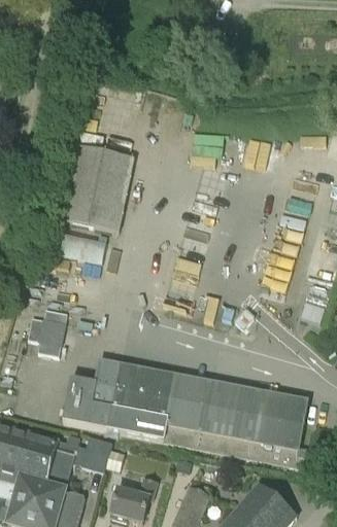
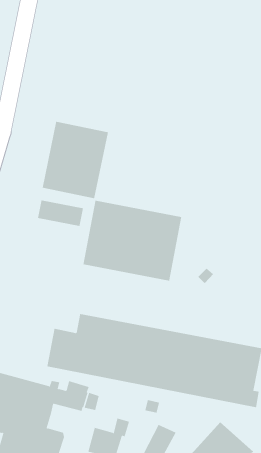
building: none -> [83,200,182,281]
building: [27,308,67,355] -> none

